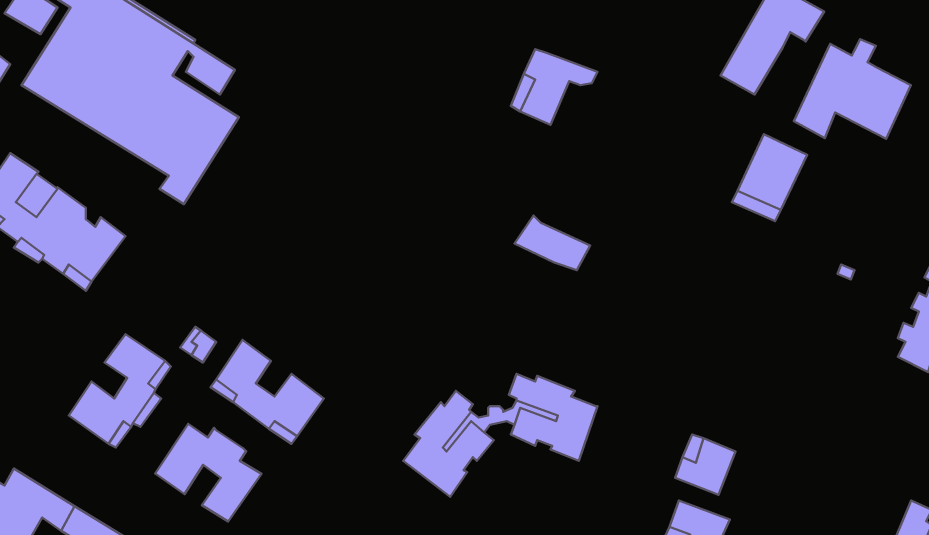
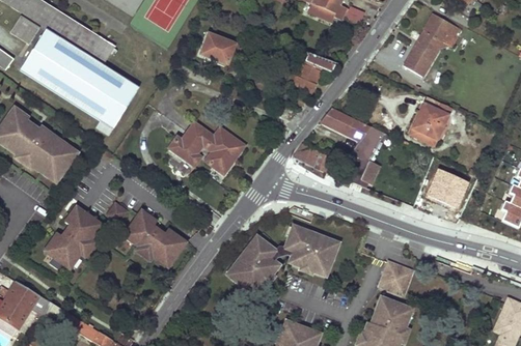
building: none -> [200,32,235,63]
building: [794,39,911,139] -> none
building: none -> [321,107,382,184]
building: none -> [169,121,244,173]
building: none -> [426,168,468,208]
building: [155,424,262,521] -> none

